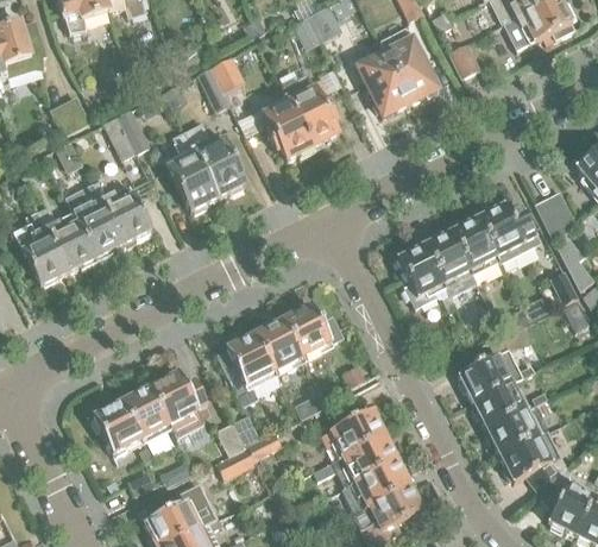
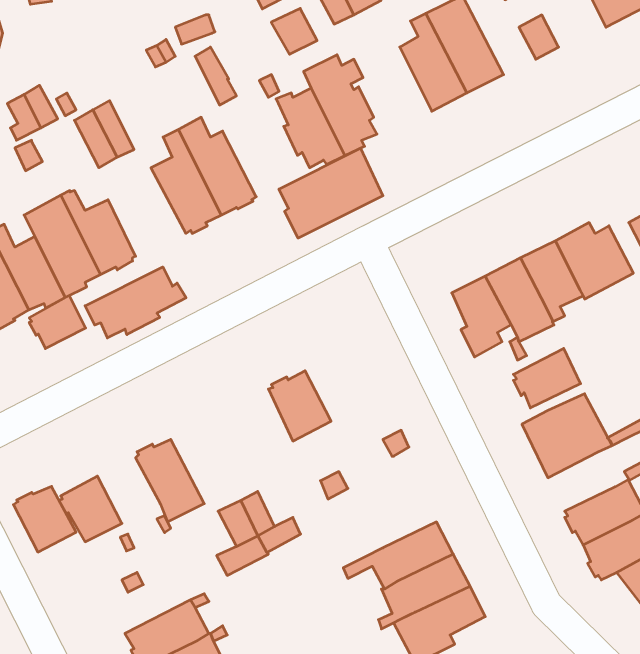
building: [209,57,245,93] -> [271,8,317,54]
building: none -> [279,148,383,238]
building: none -> [85,267,186,338]
building: none -> [29,296,86,349]
building: [283,306,341,359] -> none
building: [218,334,277,407] -> none
building: [472,383,524,429] -> [513,348,581,408]
building: [121,388,170,439] -> [13,486,76,552]
building: [321,410,385,458] -> none

